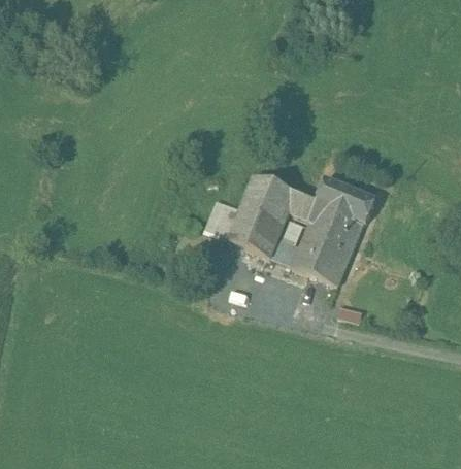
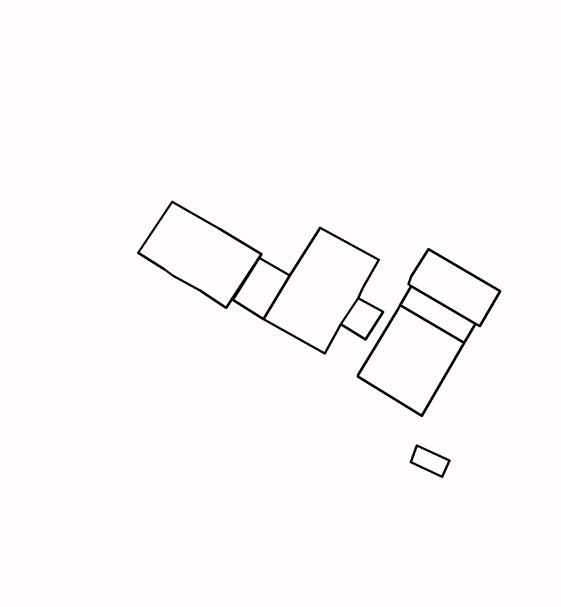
building: none -> [138,202,262,308]
building: [287,190,318,220] -> none
building: [269,235,301,266] -> none

